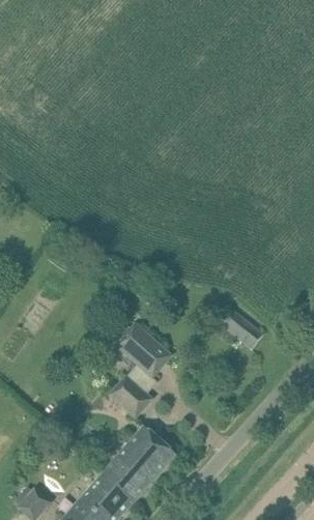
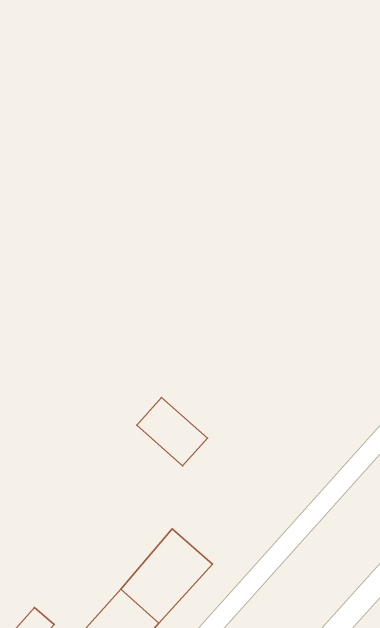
building: [216,306,262,348] -> none
building: [108,375,150,416] -> none

